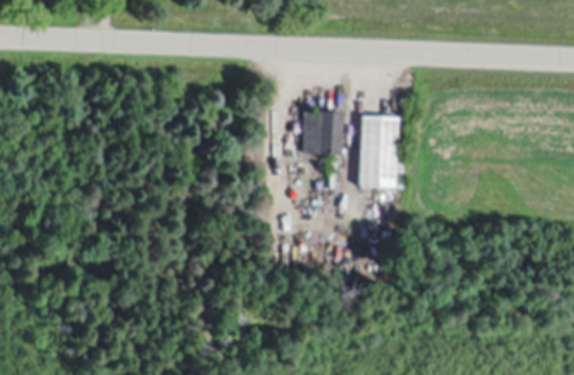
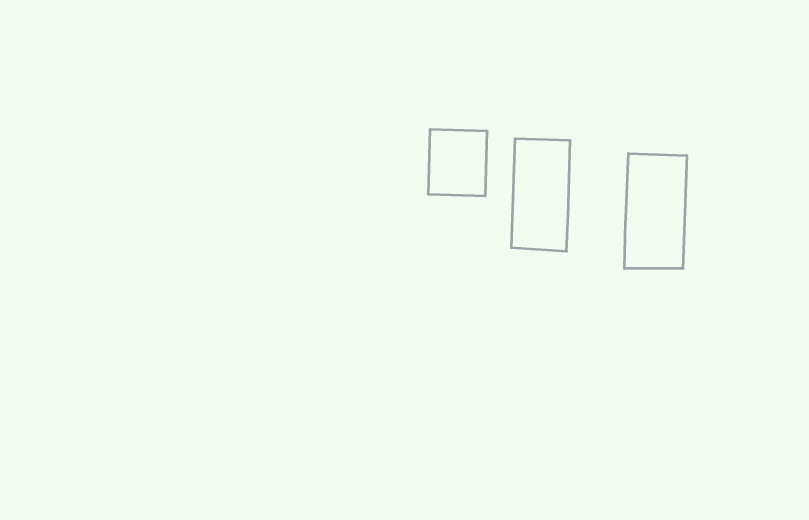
building: none -> [624,153,687,269]

